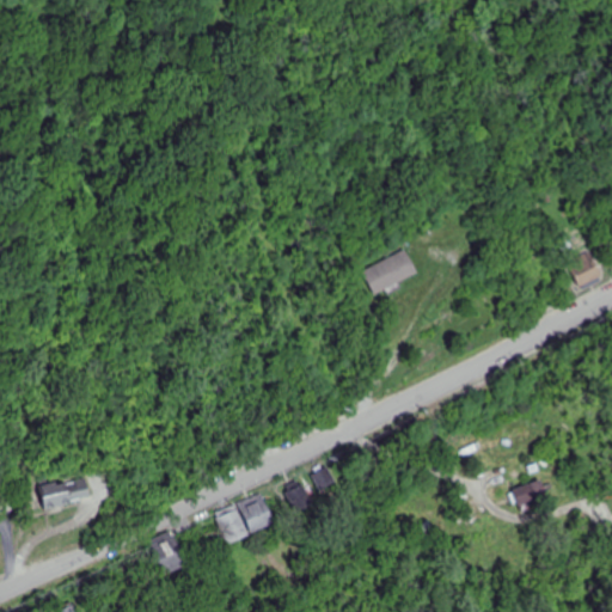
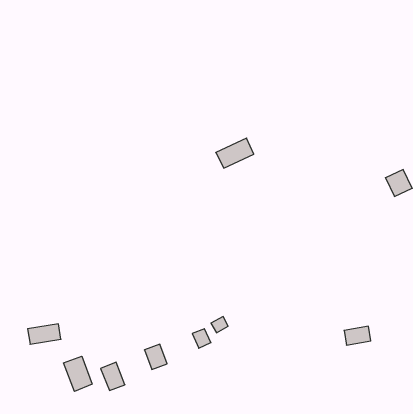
building: [361,249,417,293] -> [216,138,254,168]
building: [237,494,273,533] -> none
building: none -> [63,356,92,391]

